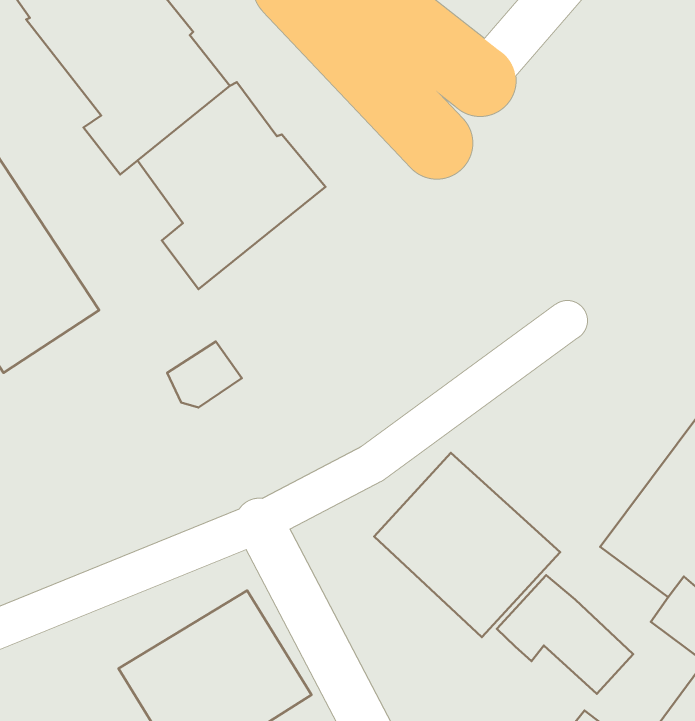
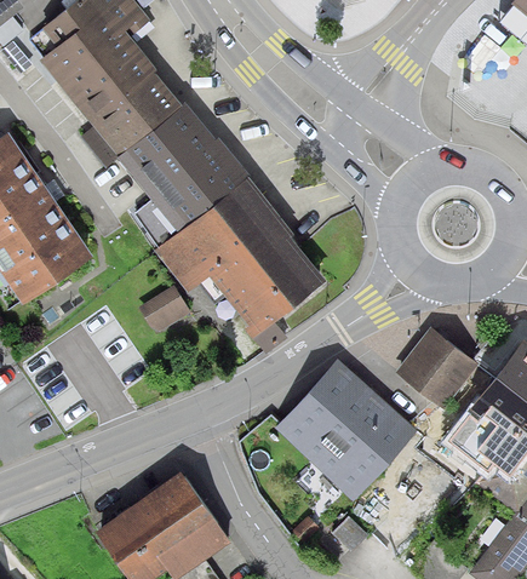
building: none -> [157,179,328,343]
building: none -> [400,328,477,405]
building: [497,575,633,694] -> none

